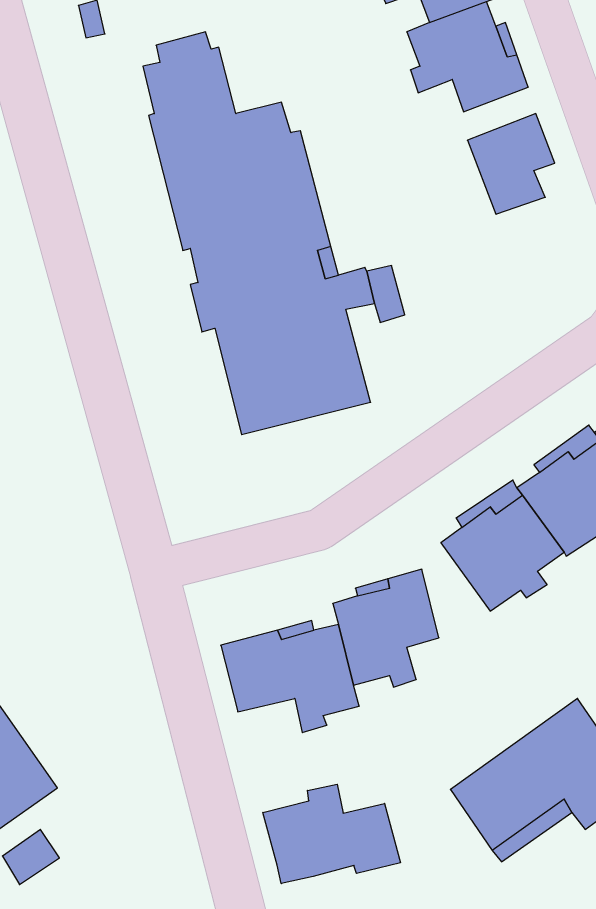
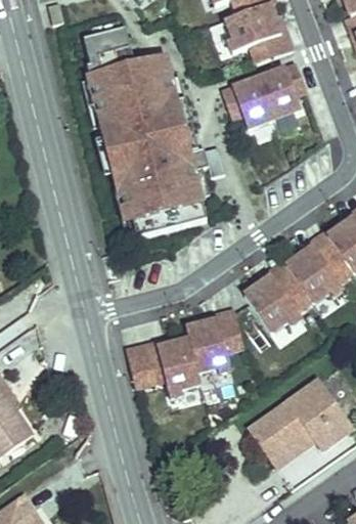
building: none -> [221,80,273,130]
building: [263,784,400,884] -> none

